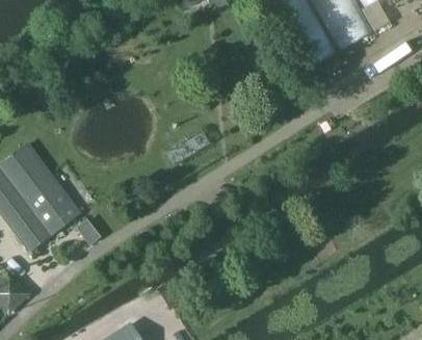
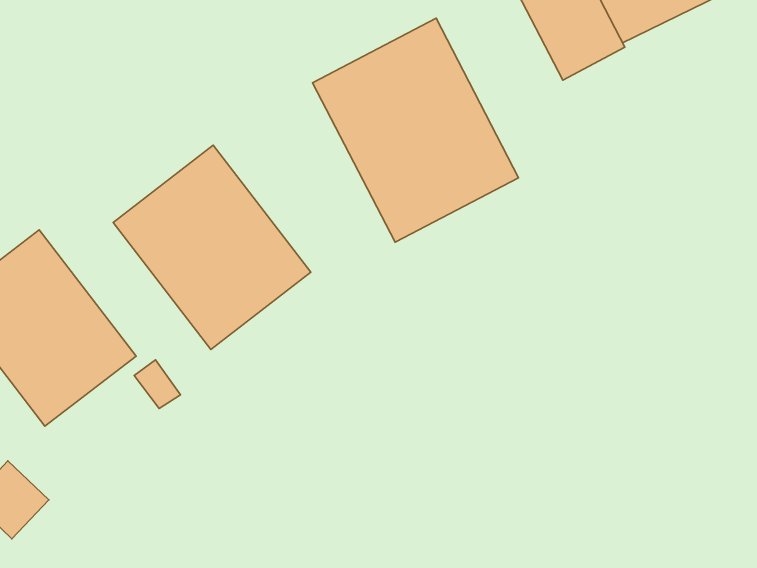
building: none -> [313,18,519,242]
building: none -> [113,145,311,350]

